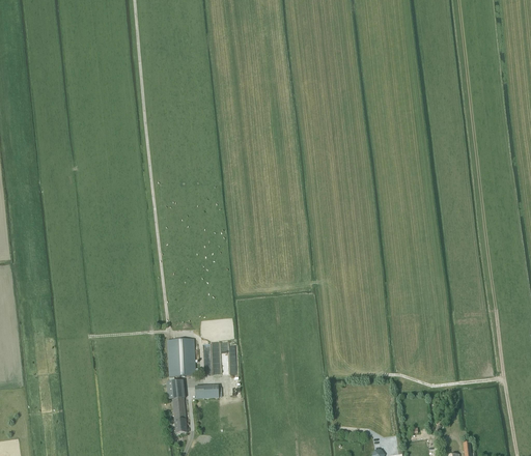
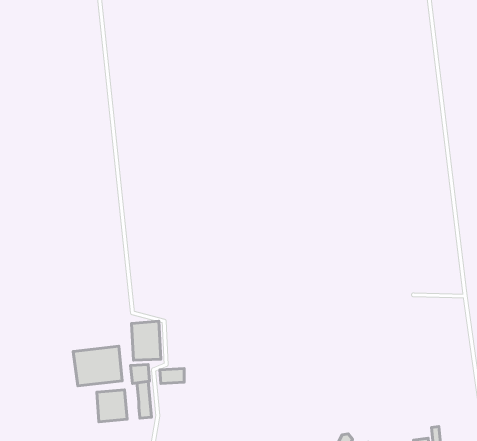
building: none -> [73,346,122,386]
building: none -> [97,390,127,422]

